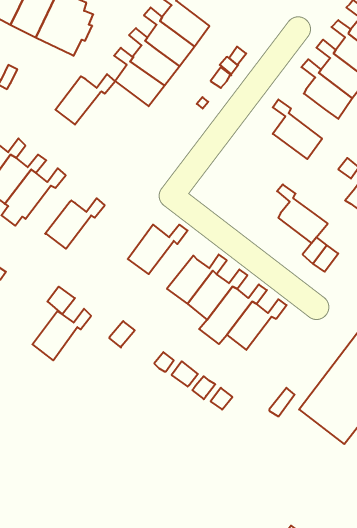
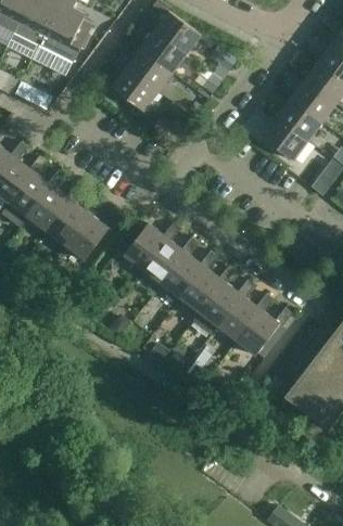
building: [55,74,115,125] -> [27,183,84,231]
building: [277,184,328,243] -> [275,86,322,141]
building: none -> [143,236,199,283]
building: [32,309,91,360] -> [65,211,120,260]
building: none -> [236,307,292,355]

